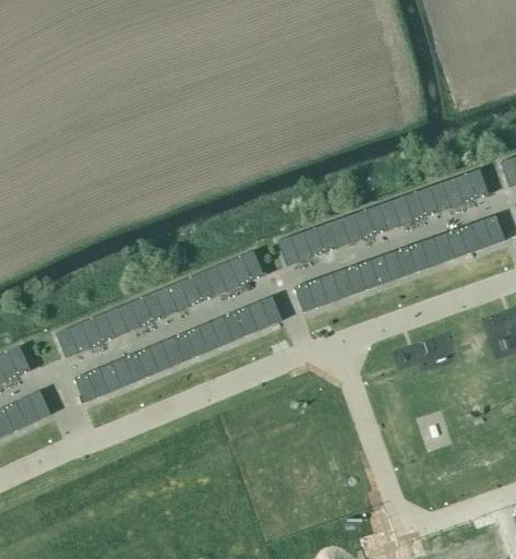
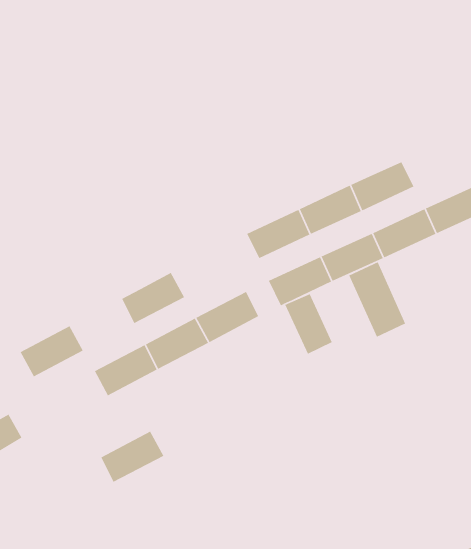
building: [428,168,488,212] -> none
building: [203,250,263,296] -> none
building: none -> [348,261,406,338]
building: [104,292,164,337] -> none
building: none -> [284,293,333,355]
building: [73,357,133,403] -> [100,431,164,483]

